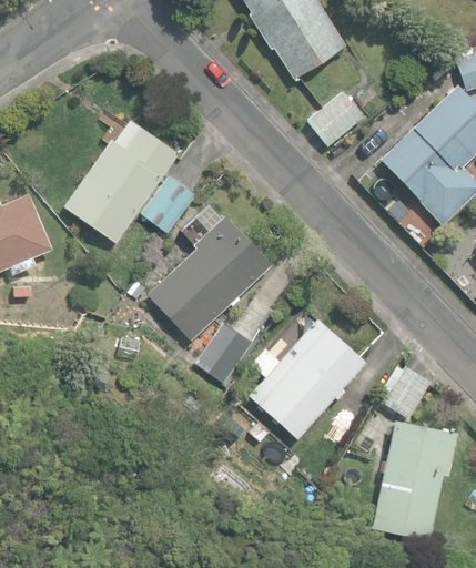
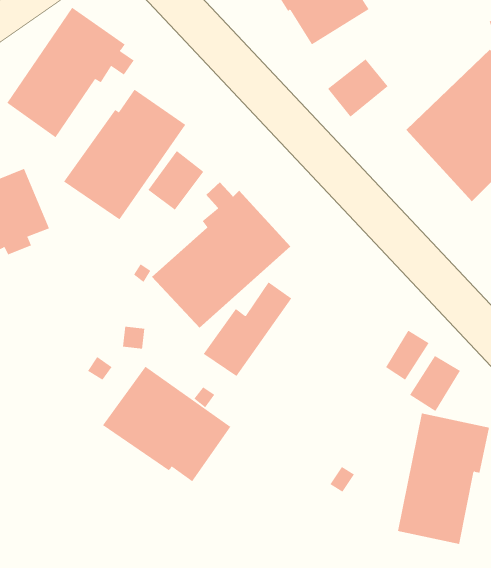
building: none -> [6,7,134,138]
building: [250,318,365,437] -> none
building: none -> [102,366,231,482]

